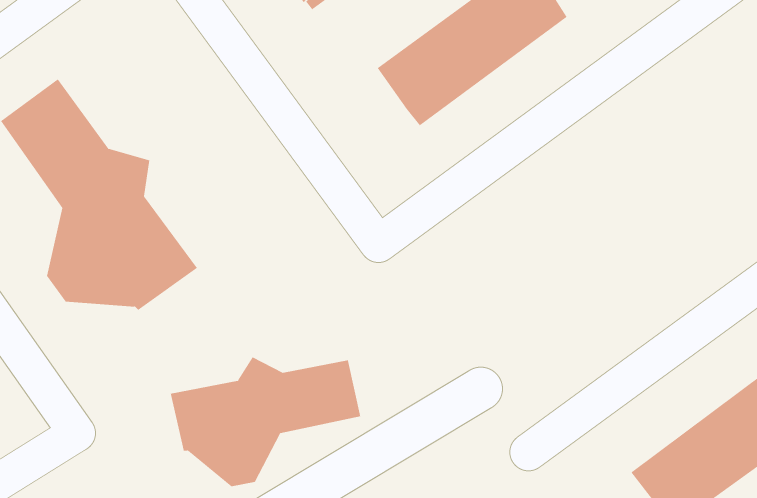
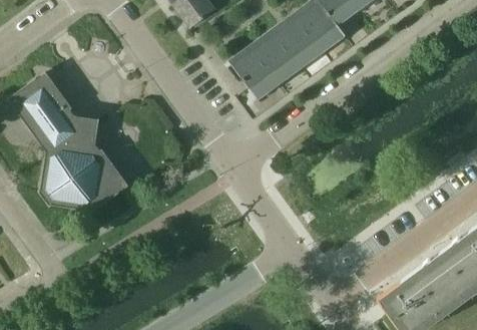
building: [170,356,361,487] -> none

